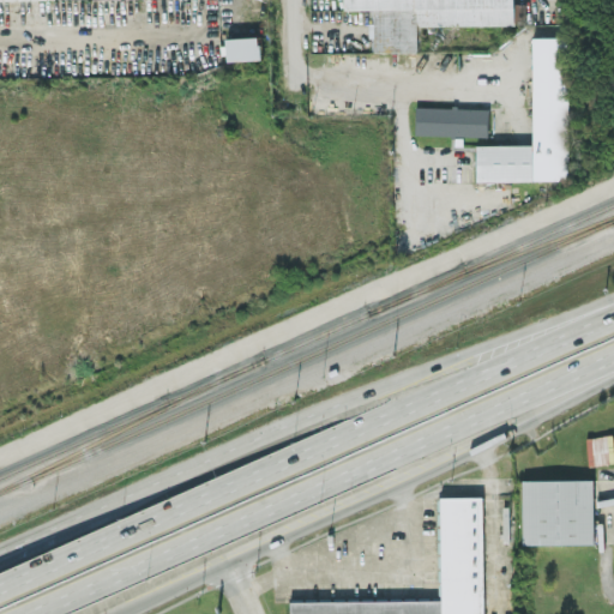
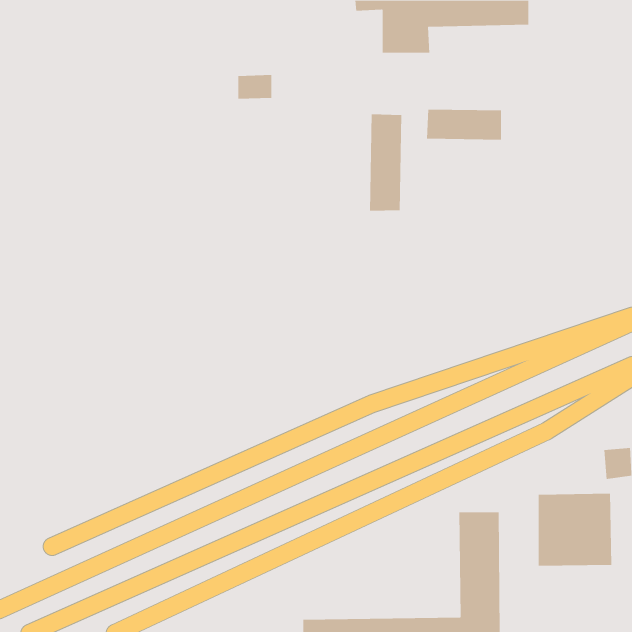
building: [224,37,258,61] -> [238,74,272,99]
building: [474,37,566,182] -> none
building: none -> [370,113,402,211]

